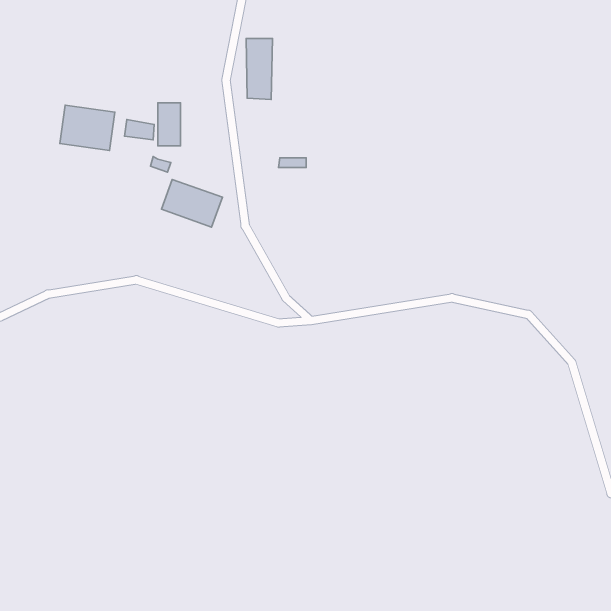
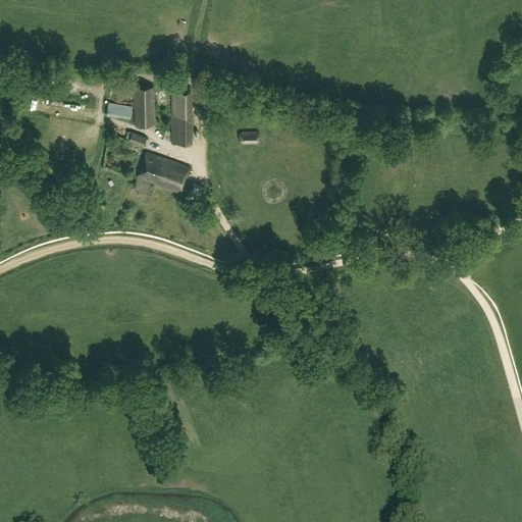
building: [246,38,272,99] -> [170,92,193,144]
building: [60,105,115,151] -> none

